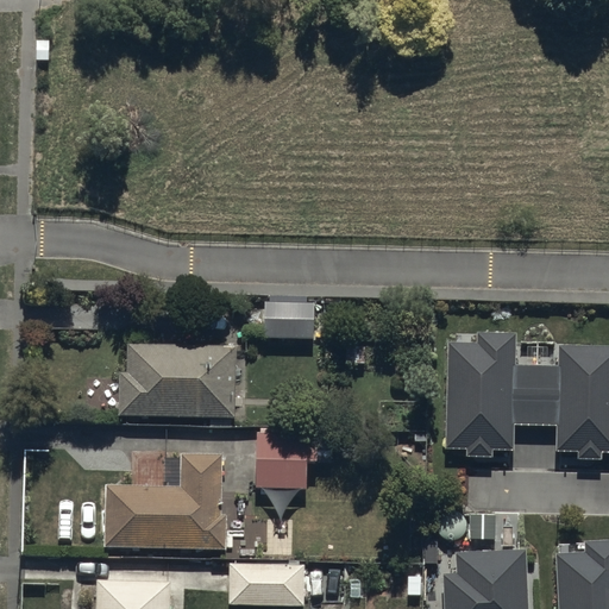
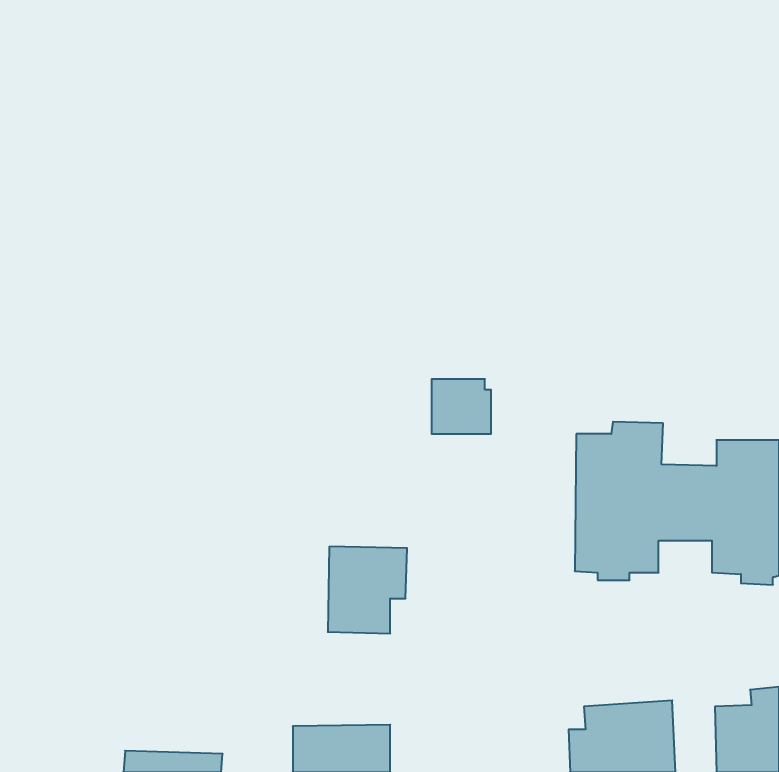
building: [266,300,313,343] -> [432,379,491,434]
building: [121,349,238,422] -> none
building: [107,460,226,555] -> none

